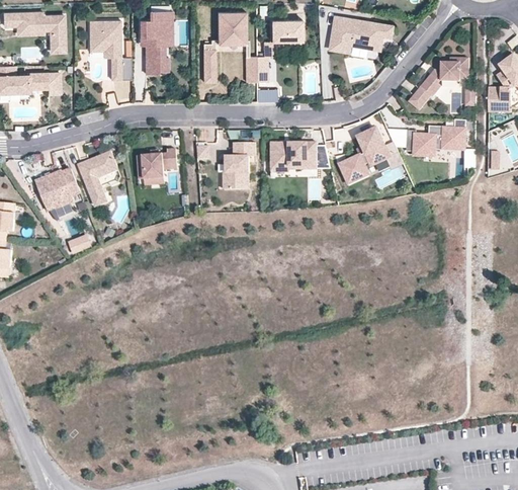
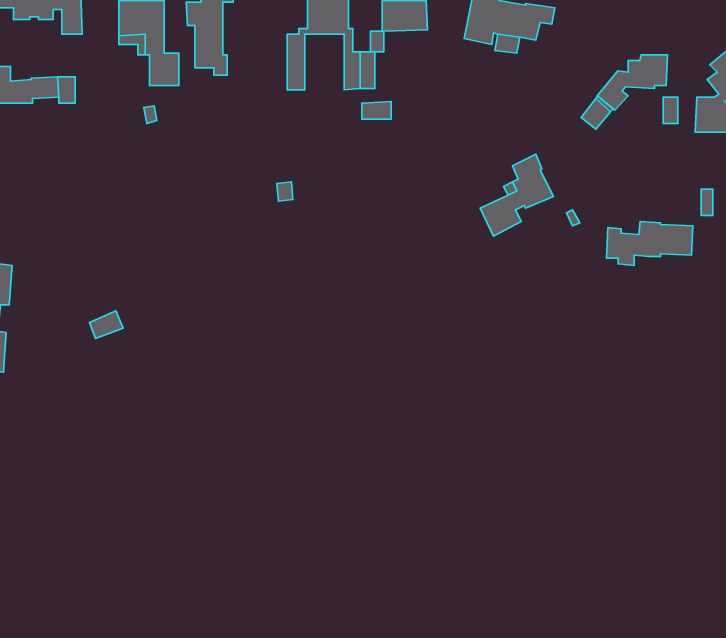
building: [406,126,465,156] -> [607,222,693,265]
building: [224,142,255,189] -> none
building: [271,142,331,169] -> none
building: [138,149,175,176] -> none
building: [77,150,118,207] -> none
building: [35,168,80,212] -> none

